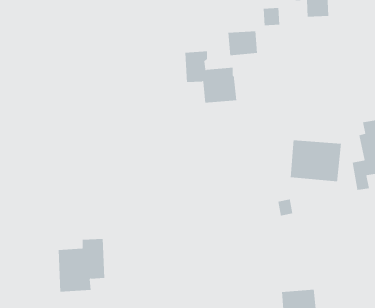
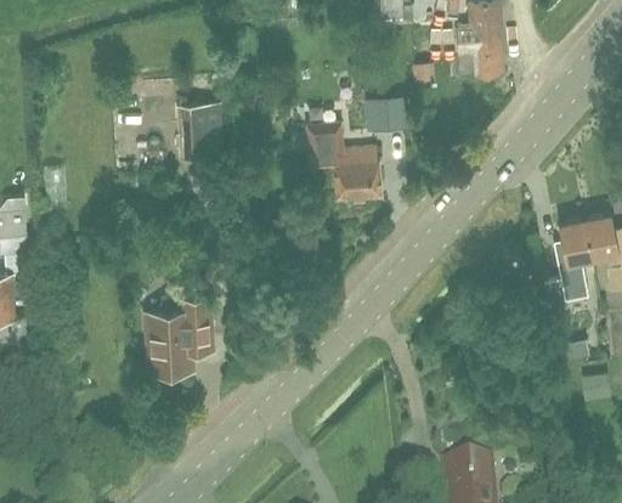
building: none -> [188,102,222,157]
building: [290,140,341,182] -> none
building: [58,239,105,292] -> [145,296,211,372]

